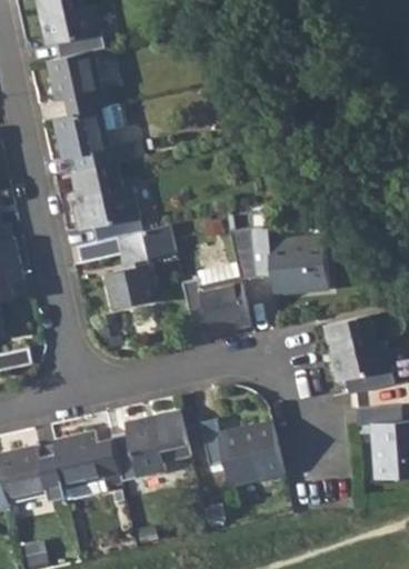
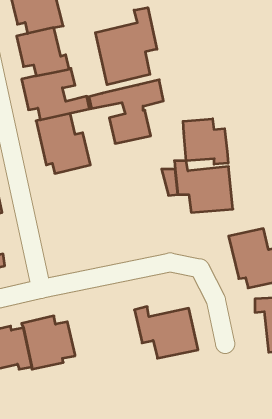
building: none -> [95,8,157,85]
building: none -> [183,119,228,164]
building: [77,226,174,309] -> [89,80,163,143]
building: [181,277,251,336] -> none
building: [110,409,189,481] -> none

